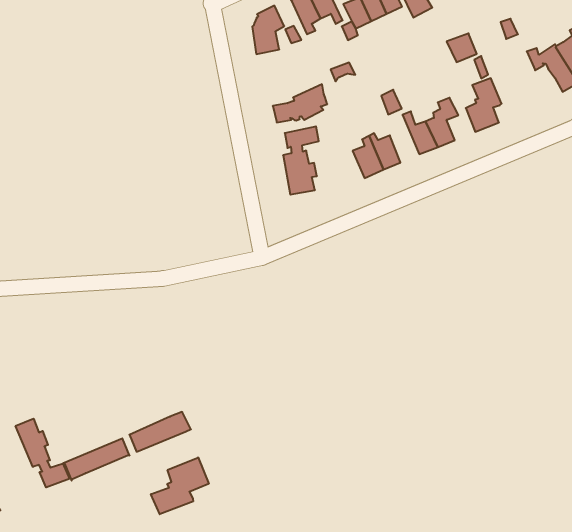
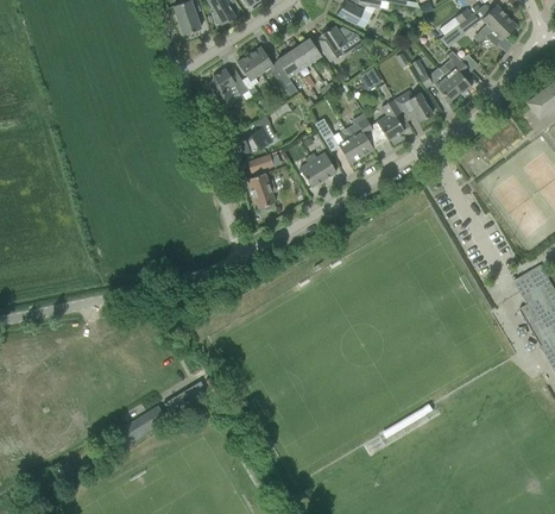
building: none -> [395,90,434,123]
building: [16,419,69,487] -> none
building: [151,457,209,514] -> none

